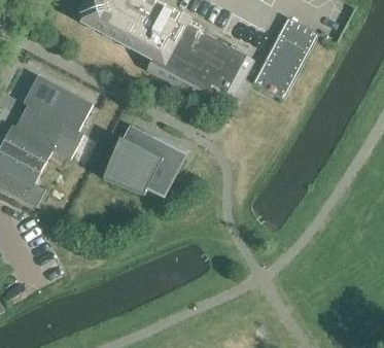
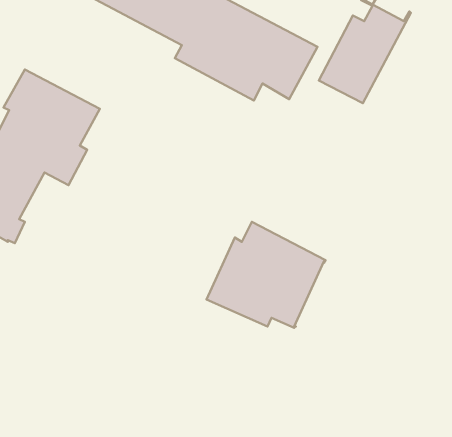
building: [99,123,185,200] -> [207,222,325,328]

